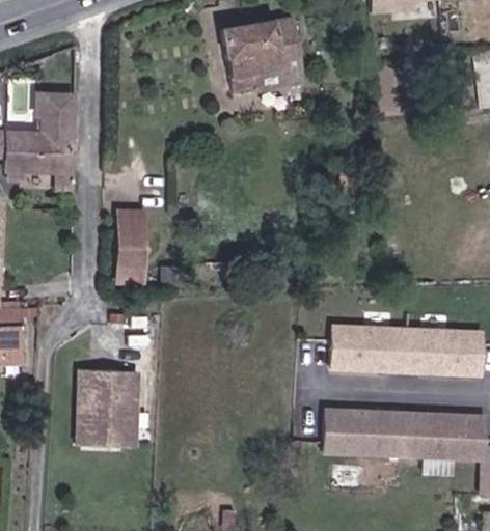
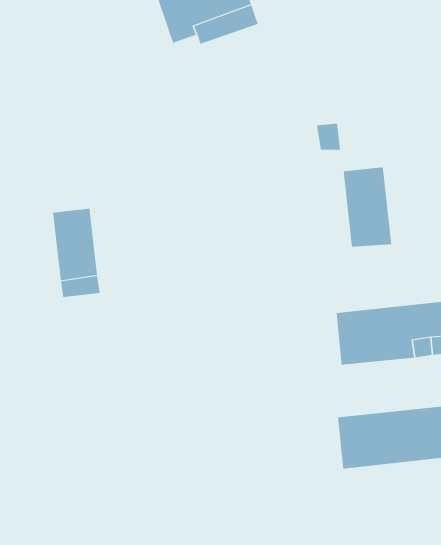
building: none -> [343,167,392,248]
building: [76,365,135,443] -> none

